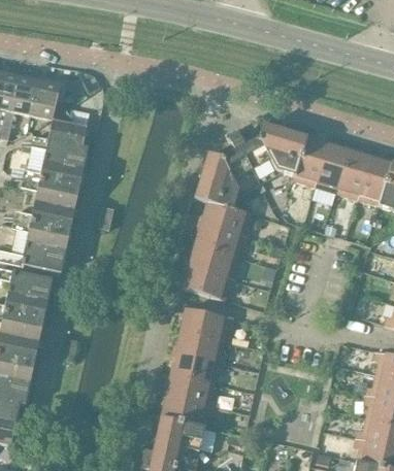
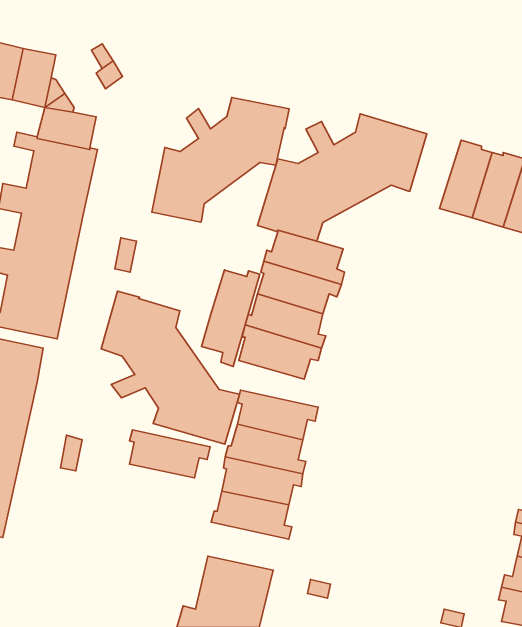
building: none -> [152,98,289,222]
building: [293,136,329,187] -> none
building: none -> [202,270,260,366]
building: none -> [101,291,239,444]
building: [161,395,215,427] -> [129,430,210,478]

